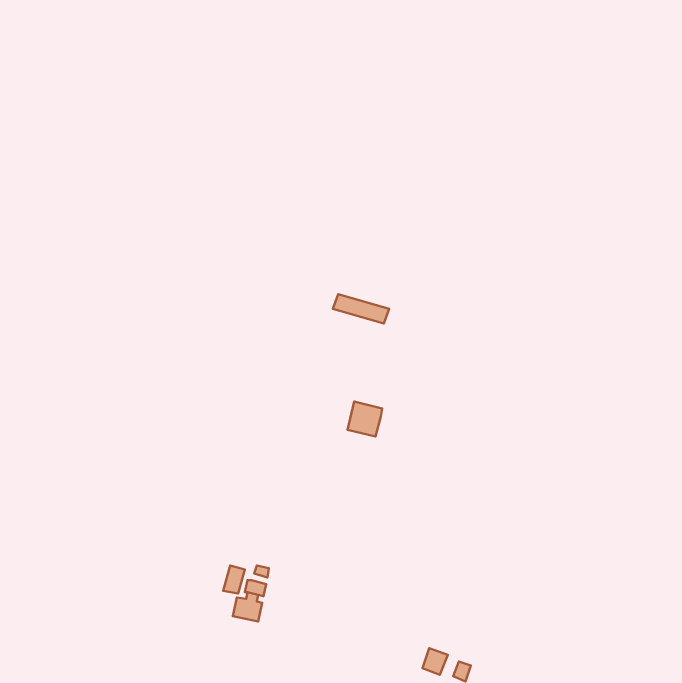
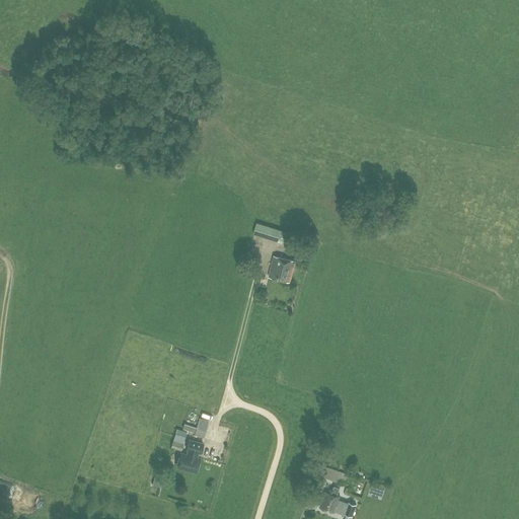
building: [347,402,382,436] -> [268,255,294,282]

